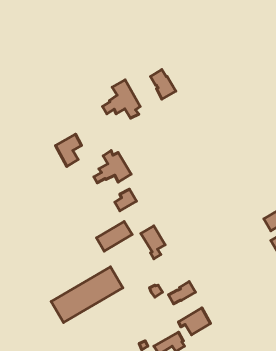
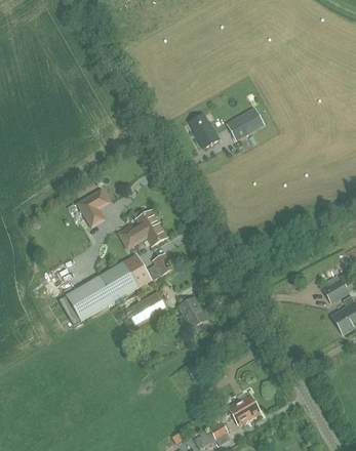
building: none -> [226,107,264,139]
building: [102,80,140,118] -> none
building: [51,267,123,323] -> [66,254,150,320]
building: [169,282,195,304] -> none

